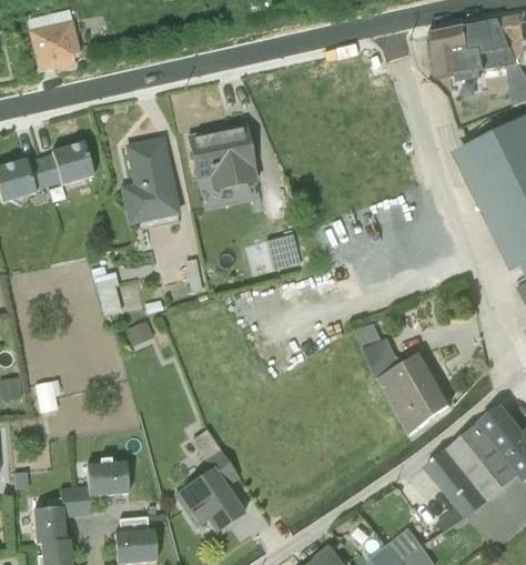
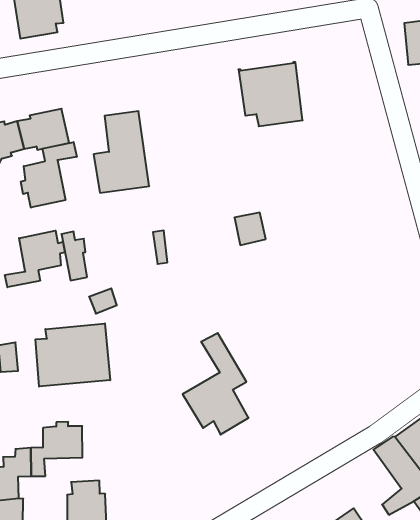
building: [189,121,257,189] -> [238,62,303,126]
building: none -> [21,142,77,208]
building: none -> [5,231,65,287]
building: [355,323,449,436] -> none
building: none -> [36,323,110,387]
building: [174,430,243,533] -> [183,333,249,435]

